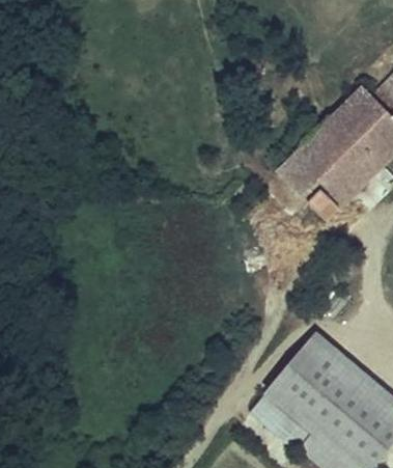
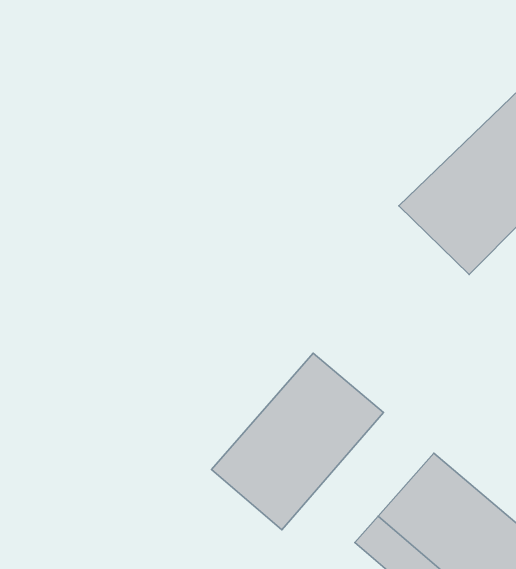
building: none -> [211,353,383,530]

